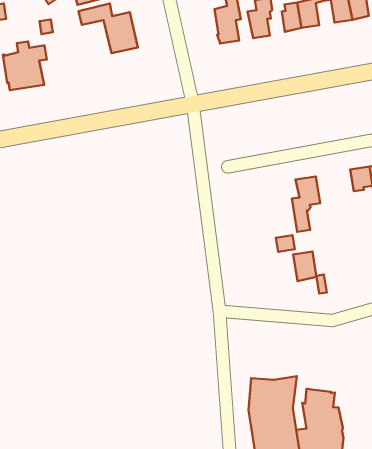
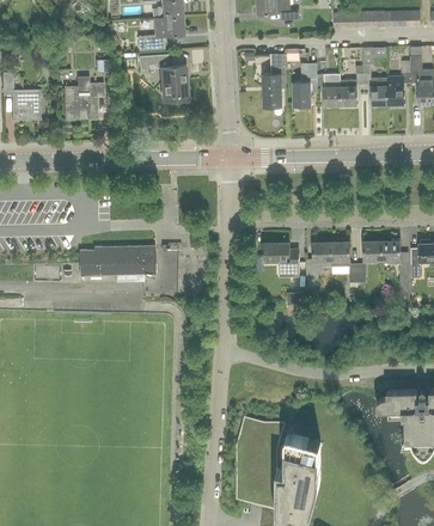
building: none -> [262,243,298,273]
building: none -> [78,244,155,275]
building: [293,251,327,294] -> [331,241,356,281]

